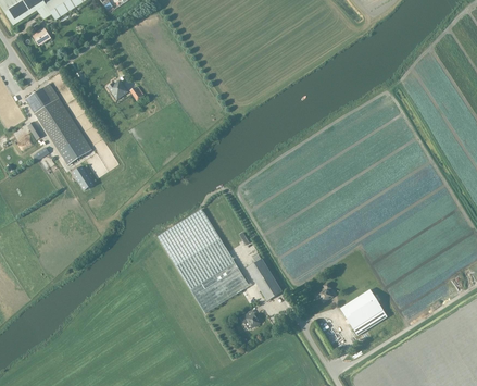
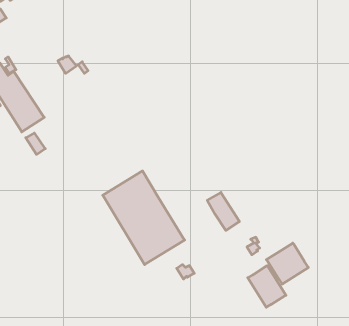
building: [247,259,283,301] -> [207,192,239,230]
building: none -> [248,266,286,307]

